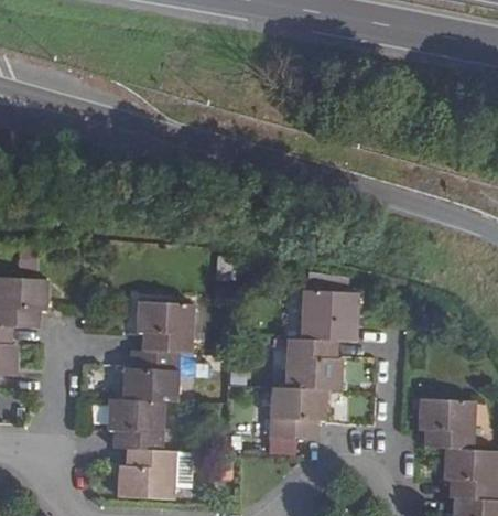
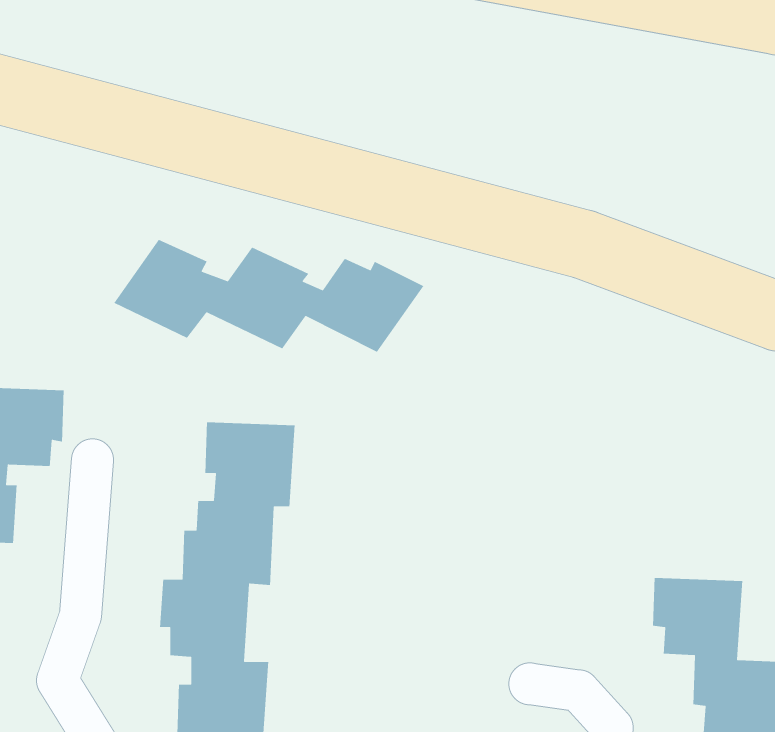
building: none -> [113,239,425,353]
building: [270,290,357,439] -> none

